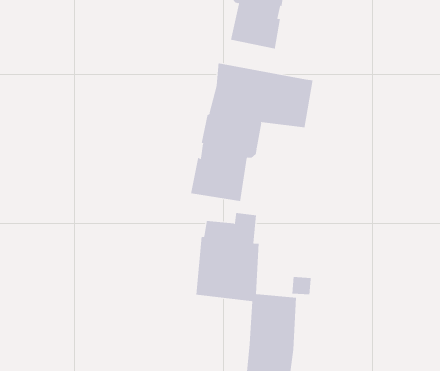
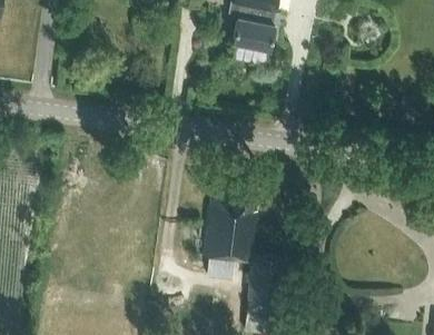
building: [191,62,313,202] -> none

